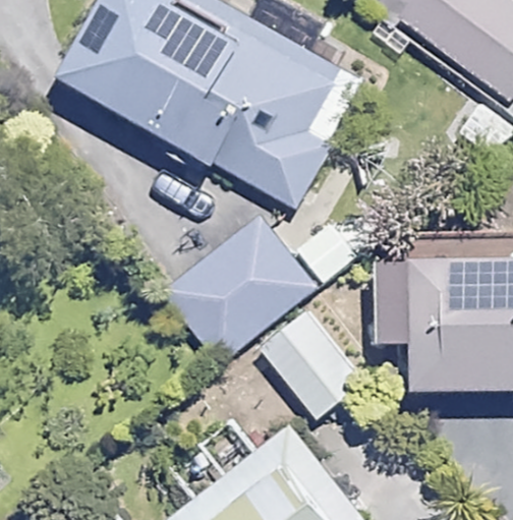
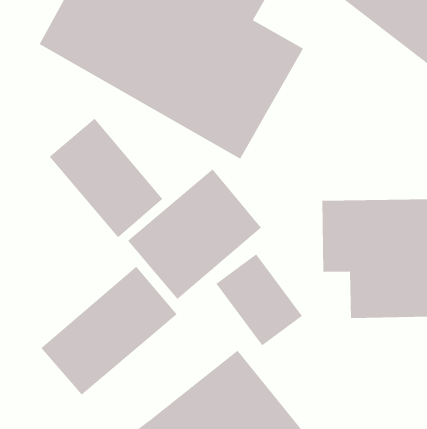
building: none -> [49,118,163,238]
building: none -> [40,266,177,395]

